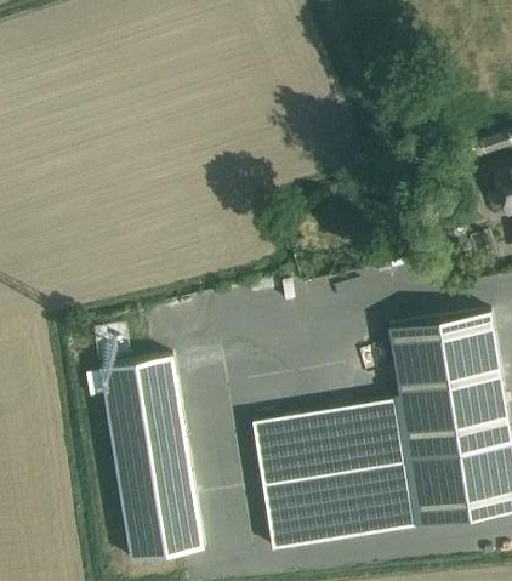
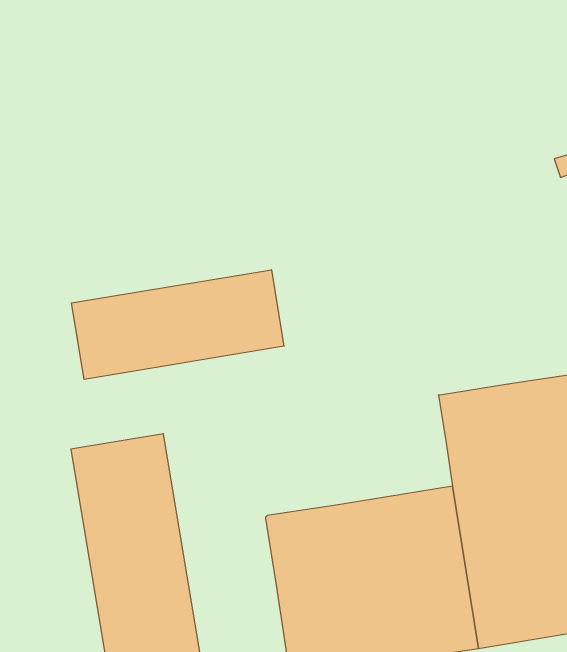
building: none -> [71,270,284,379]

